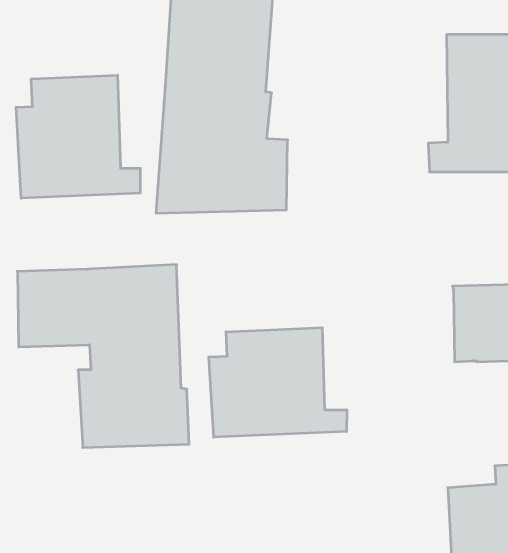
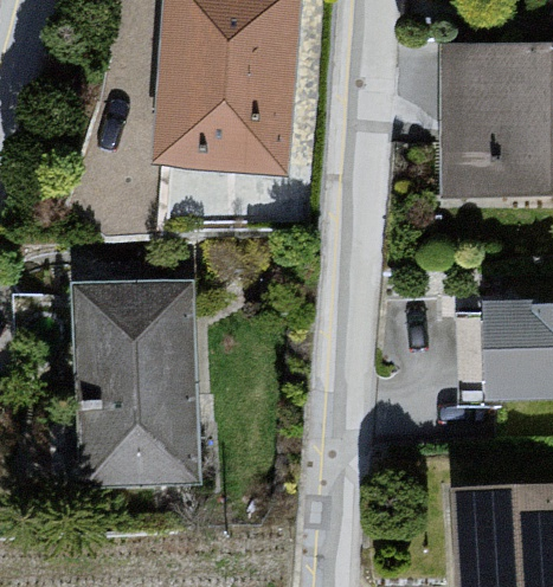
building: [16,75,140,198] -> none
building: [209,328,347,437] -> none

